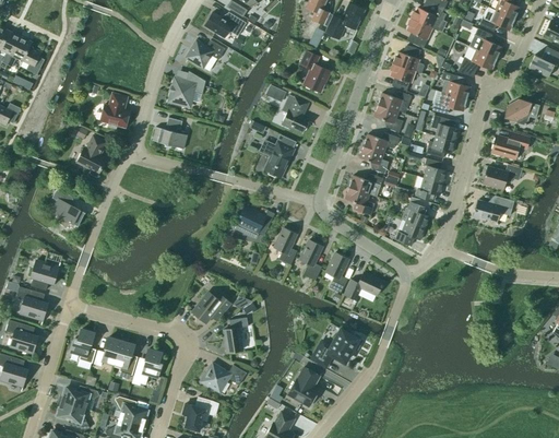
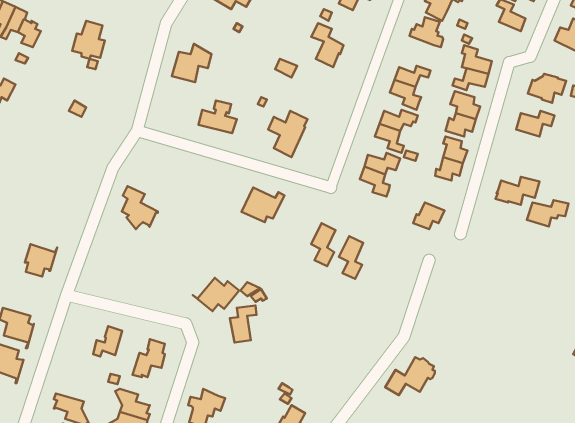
building: [186,39,225,70] -> none
building: [457,46,497,75] -> none
building: [390,62,415,91] -> none
building: [99,92,130,128] -> [72,21,105,59]
building: [282,94,309,132] -> none
building: [152,117,188,147] -> [199,101,237,133]
building: [76,134,107,173] -> none
building: [483,164,522,189] -> [527,200,569,227]
building: [51,188,85,228] -> [122,186,158,229]
building: [401,201,429,227] -> none
building: [274,227,297,264] -> none
building: [343,272,383,299] -> none
building: [15,285,48,324] -> none
building: [71,329,96,363] -> none
building: [312,329,359,365] -> [385,357,435,395]
building: [115,341,136,375] -> none
building: [200,362,246,392] -> none
building: [287,366,319,405] -> none
building: [59,384,99,407] -> none

